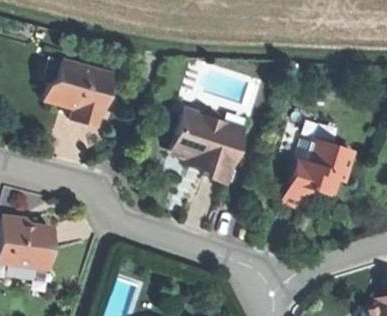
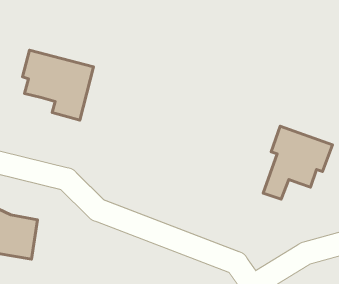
building: [172,114,243,184] -> none

